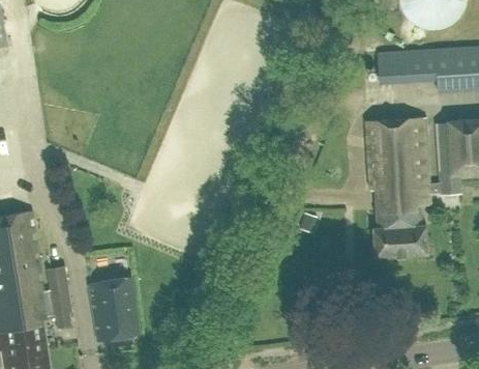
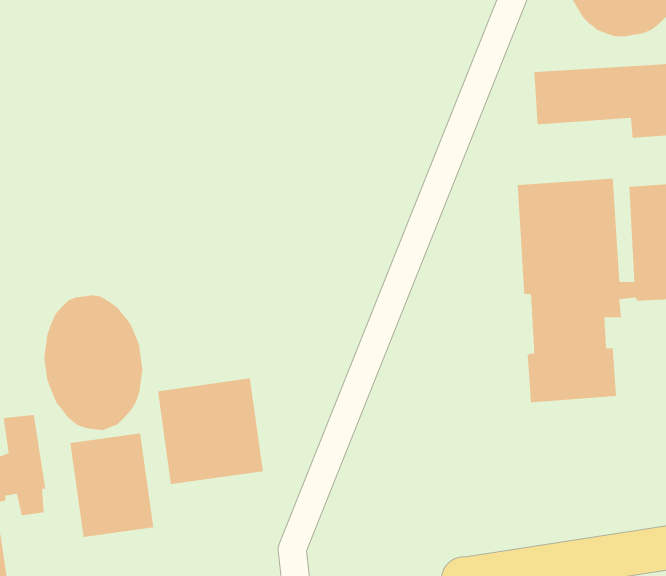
building: none -> [44,295,143,431]
building: none -> [157,378,264,485]

